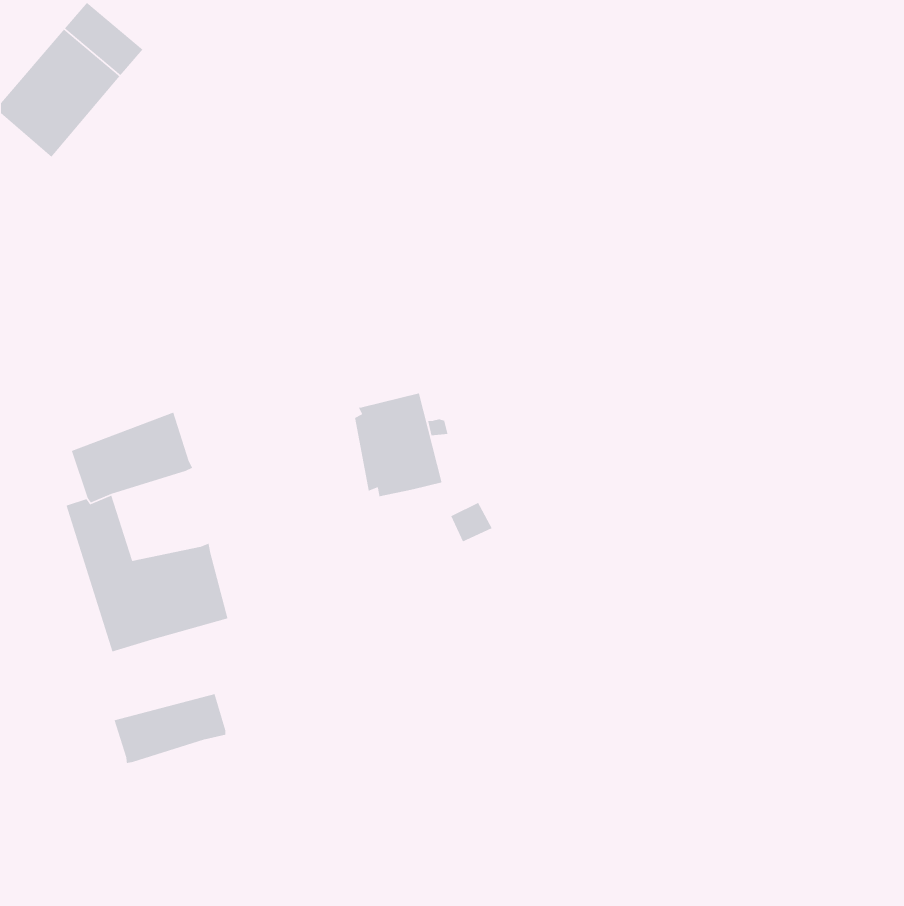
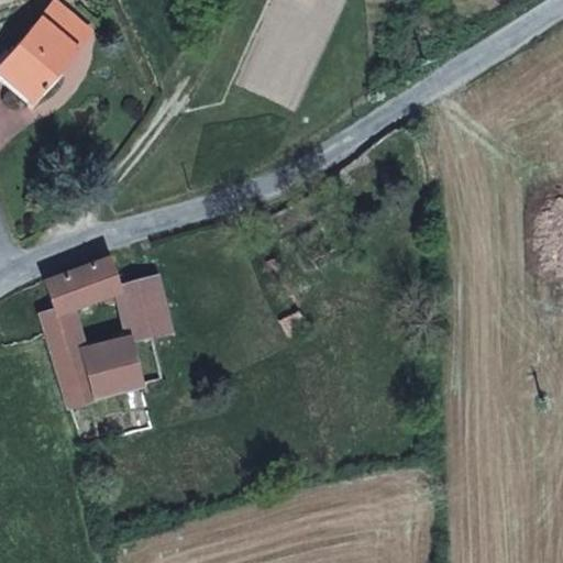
building: [354,393,443,497] -> [117,277,172,342]
building: [113,693,226,764] -> none

